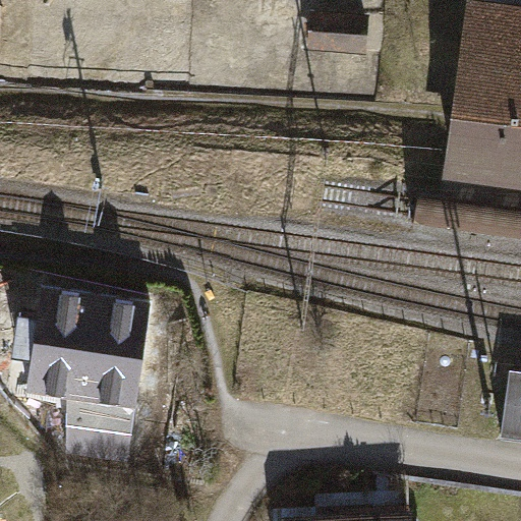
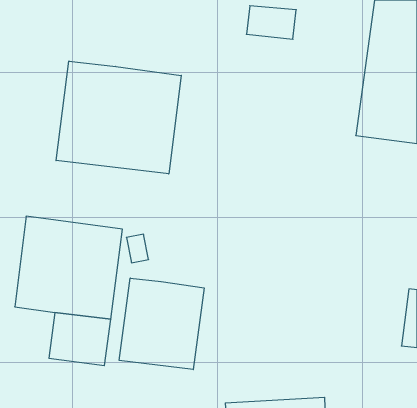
building: none -> [56,61,181,174]
building: none -> [119,278,204,370]

